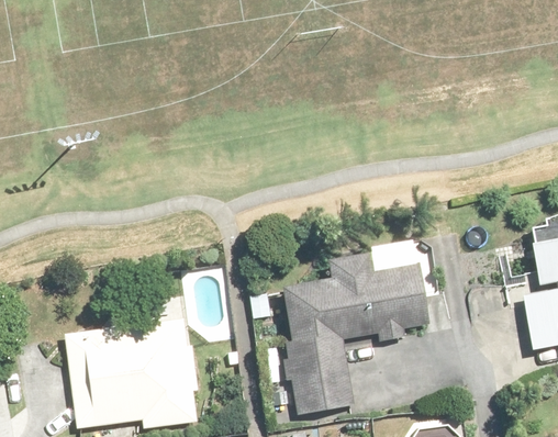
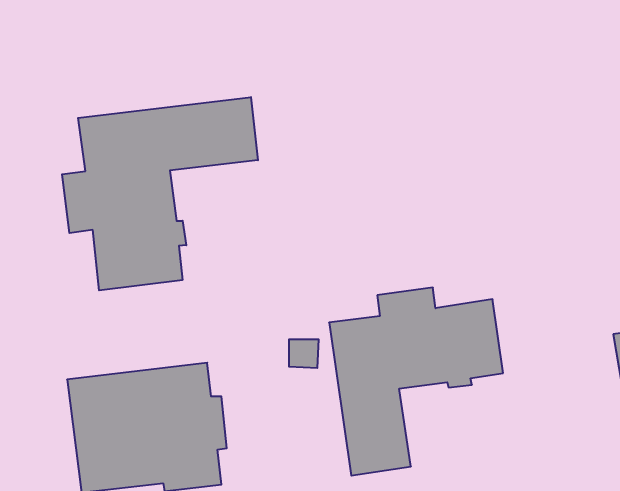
building: none -> [62,97,258,290]

